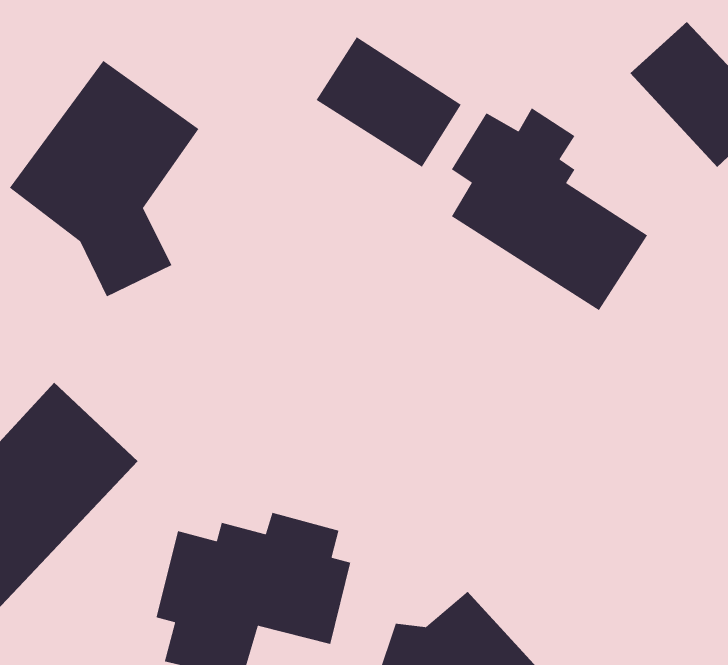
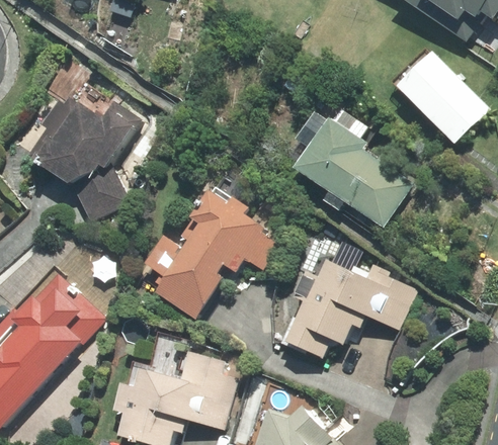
building: [315,36,462,168] -> none
building: none -> [133,183,278,321]
building: none -> [287,261,416,361]

